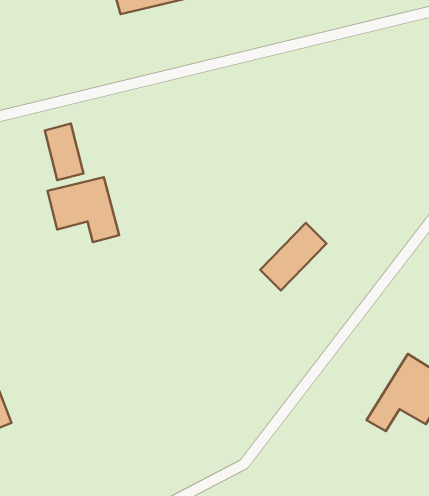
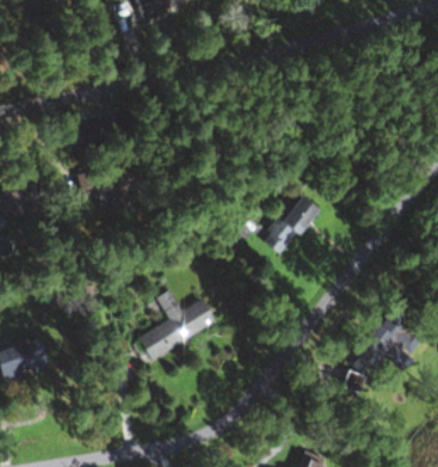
building: [45,124,83,180] -> none
building: none -> [138,288,217,360]

